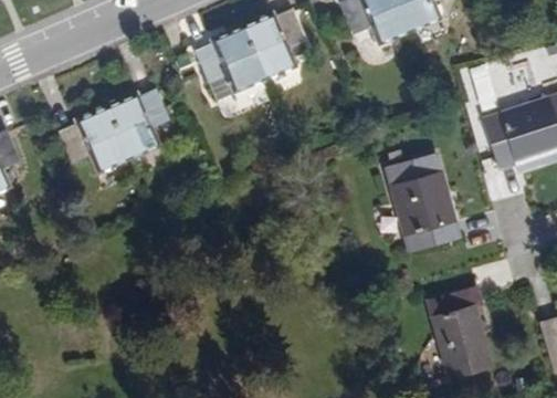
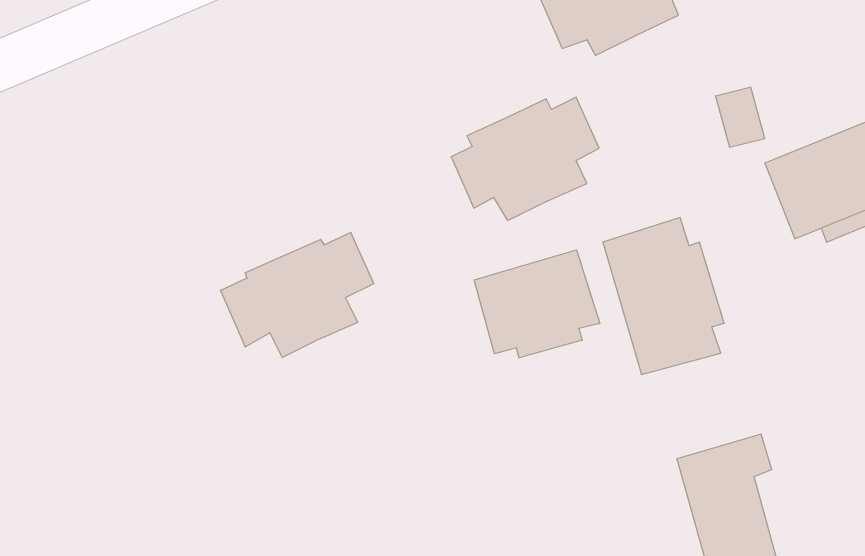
building: [200,21,293,98] -> [451,97,599,220]
building: [59,97,155,176] -> [220,232,374,357]
building: none -> [474,250,600,358]

